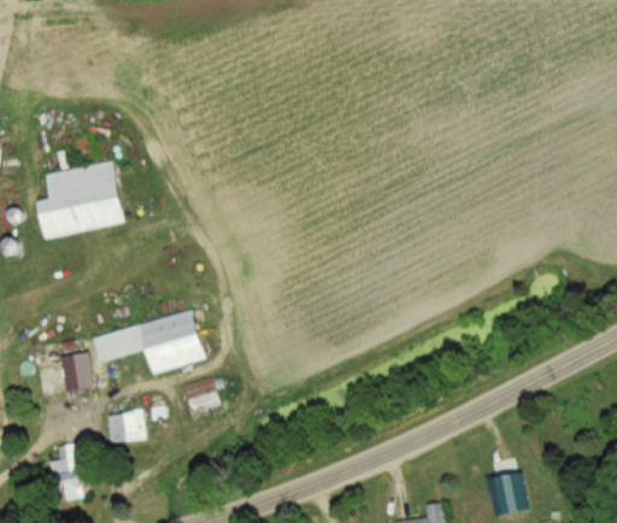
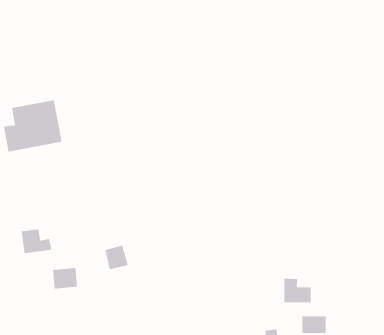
building: [95,312,204,372] -> none
building: none -> [284,278,311,303]
building: [49,458,80,503] -> none

